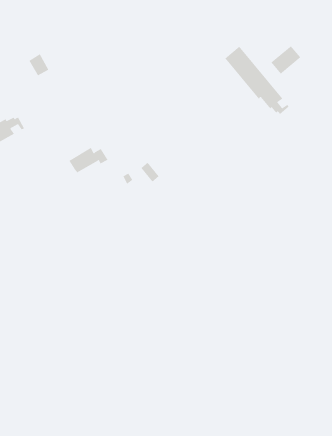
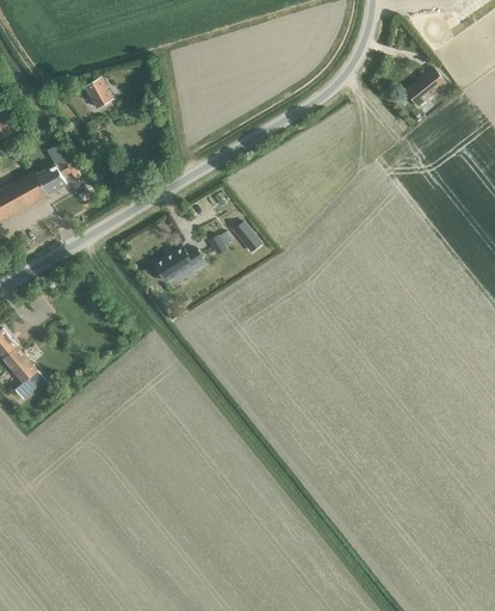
building: [224,46,290,115] -> none
building: [69,147,108,173] -> [154,248,206,283]

